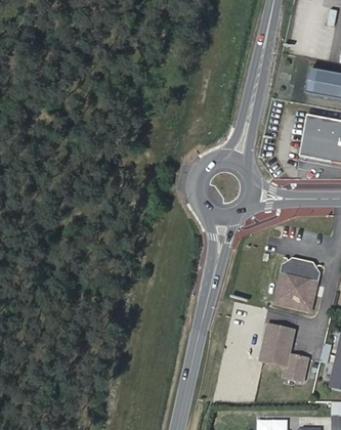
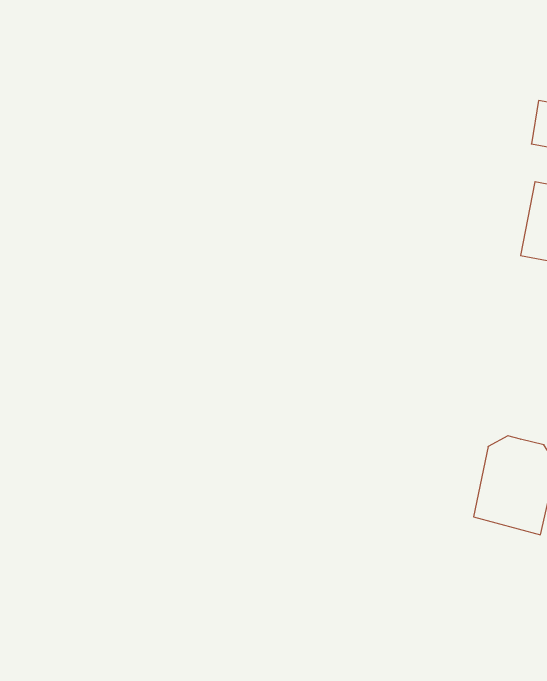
building: [259,322,306,380] -> none

